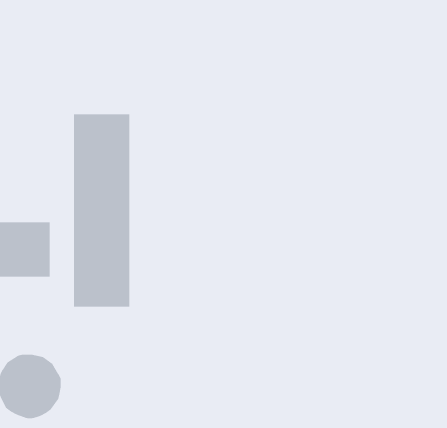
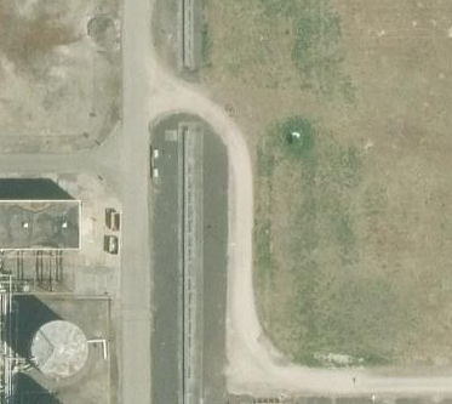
building: [74,114,130,307] -> none

